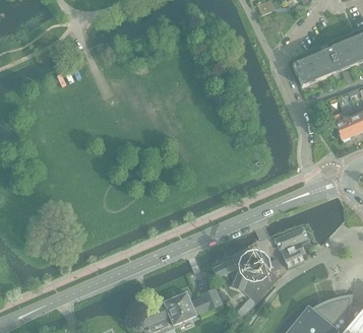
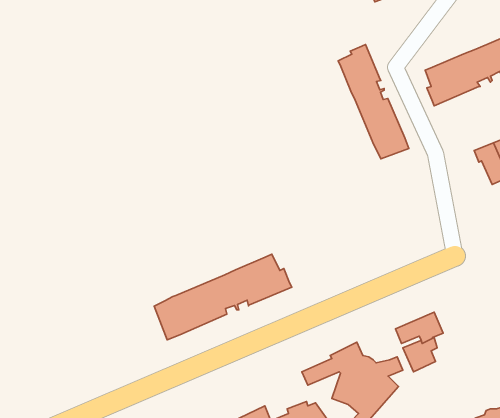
building: none -> [338,44,409,159]
building: none -> [154,254,292,340]

